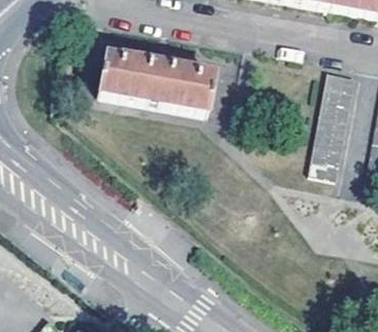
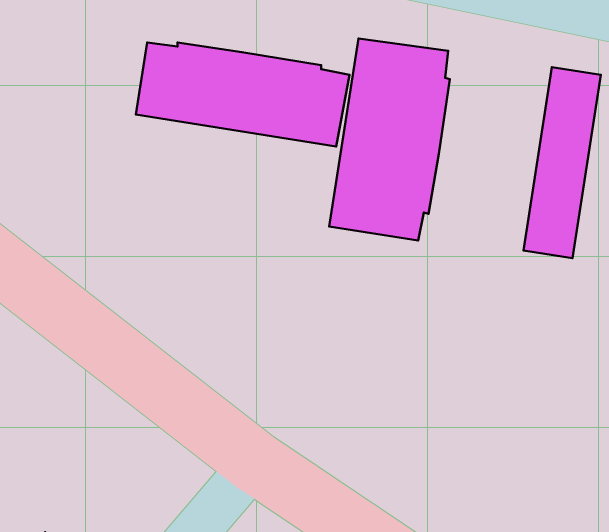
building: none -> [329,39,450,240]

